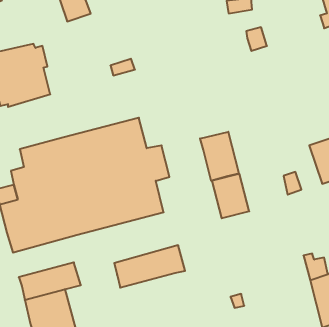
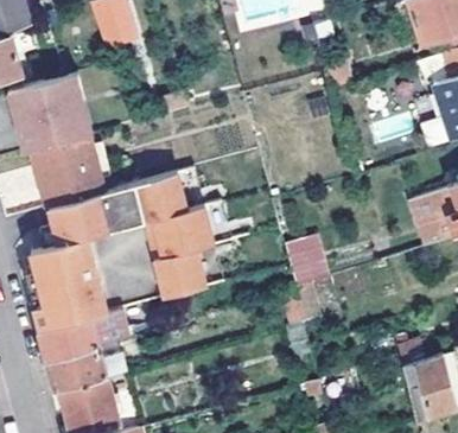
building: none -> [37,140,103,206]
building: [200,132,239,181] -> none
building: [114,245,185,288] -> [43,310,128,361]

